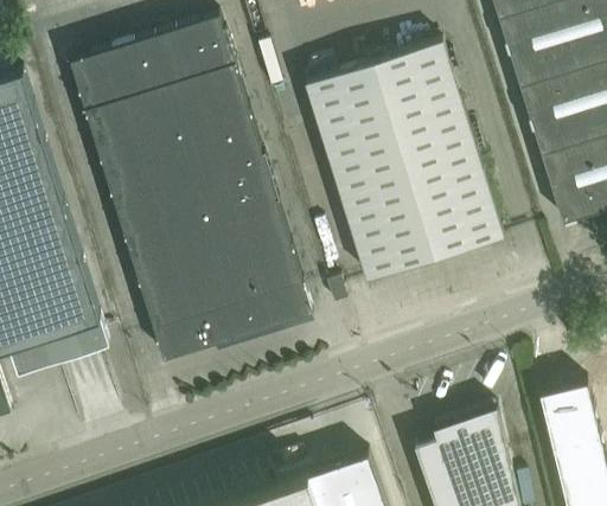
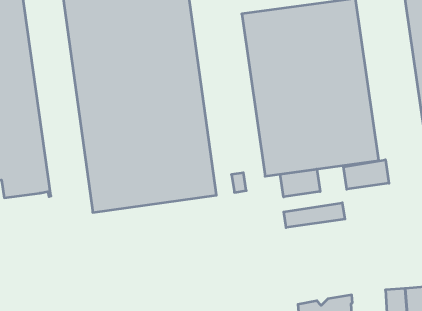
building: none -> [344,160,389,189]
building: none -> [280,169,320,197]
building: none -> [284,203,345,228]

